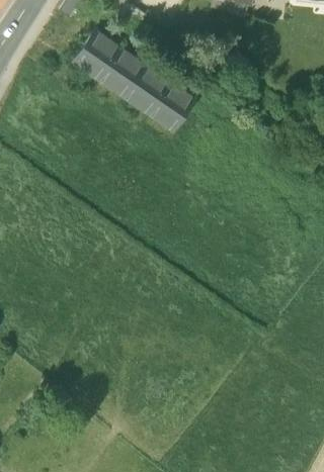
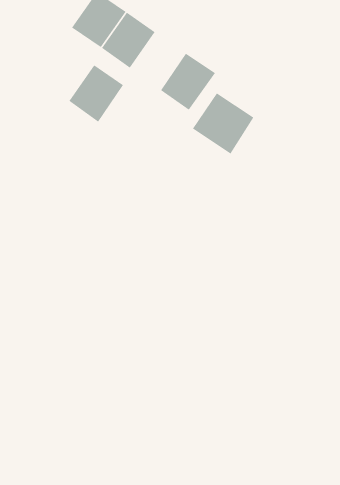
building: [123,64,169,112] -> [68,65,124,123]
building: none -> [192,93,254,155]

